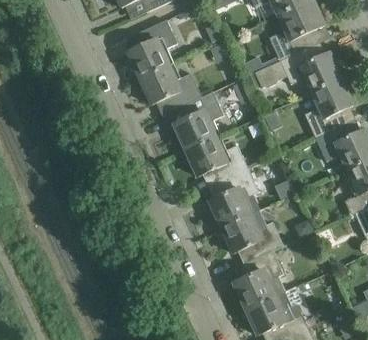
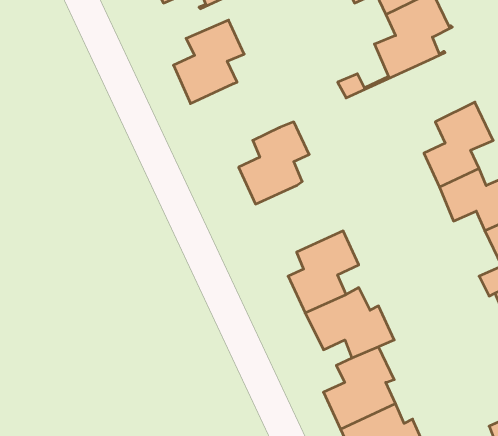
building: [249,47,340,91] -> none
building: [139,64,202,111] -> none
building: [185,136,247,183] -> none

